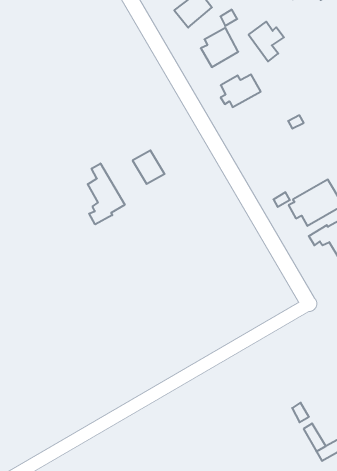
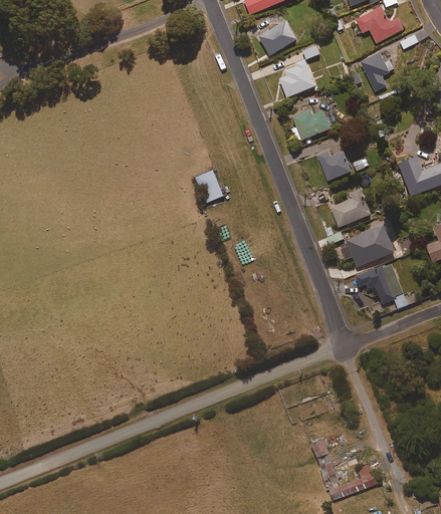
building: [249,22,284,61] -> [360,51,394,90]
building: none -> [317,150,351,180]
building: none -> [330,189,371,227]
building: [88,163,125,224] -> none

